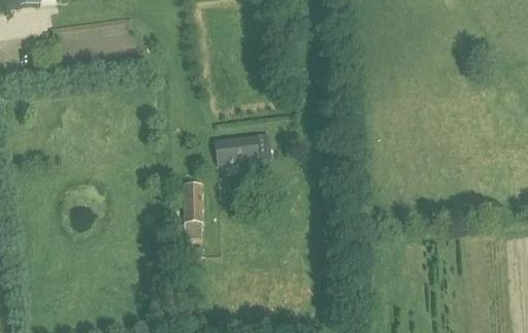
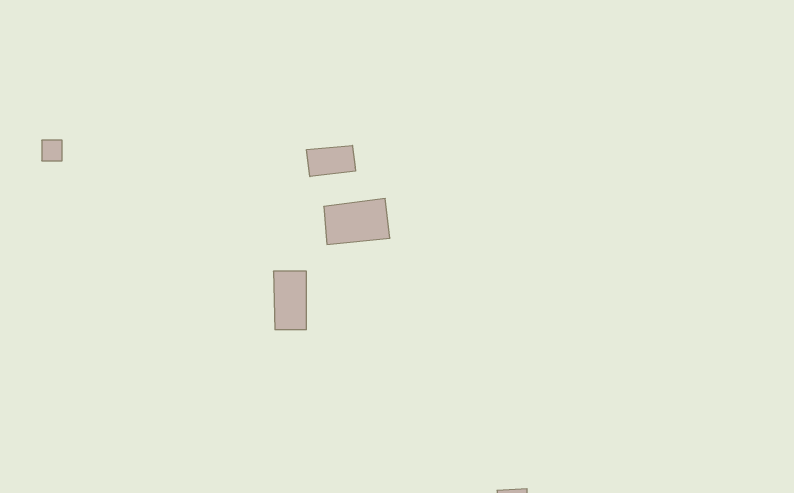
building: none -> [307,145,355,177]

